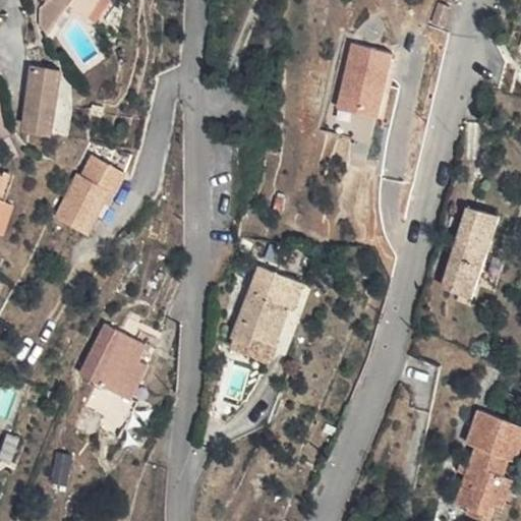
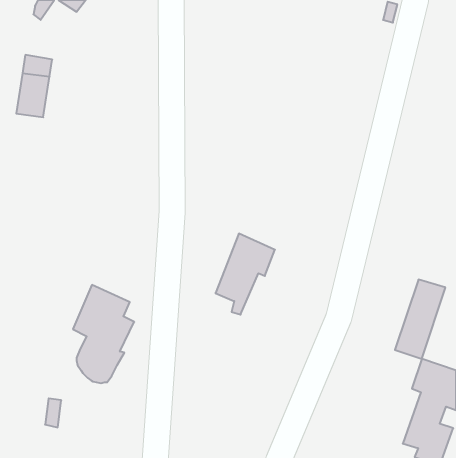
building: [335,45,390,118] -> none
building: [53,157,125,235] -> none
building: [440,208,497,297] -> [395,280,445,359]

